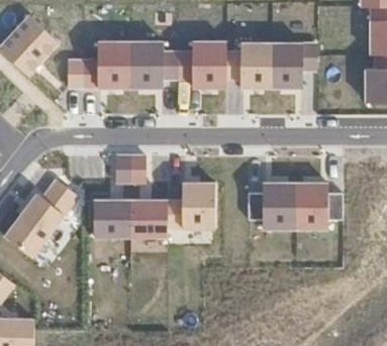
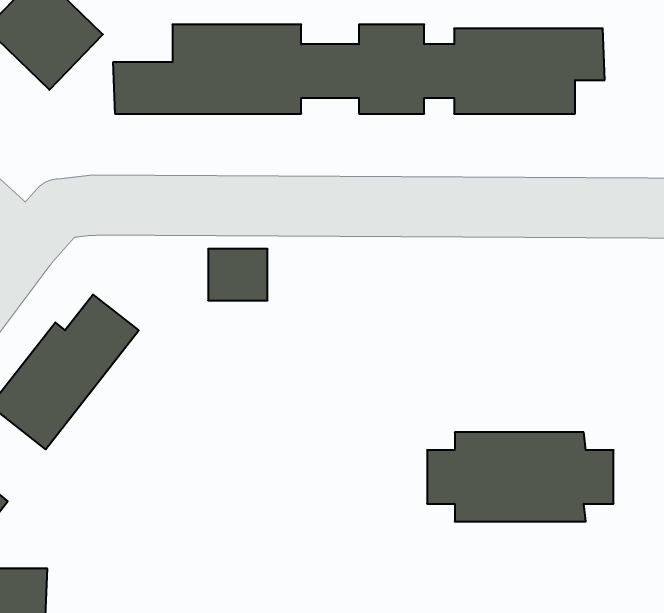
building: [93,184,213,235] -> none
building: [247,184,342,229] -> [427,432,614,522]

